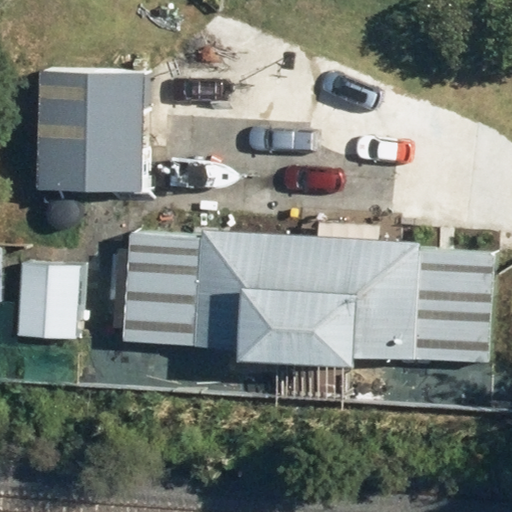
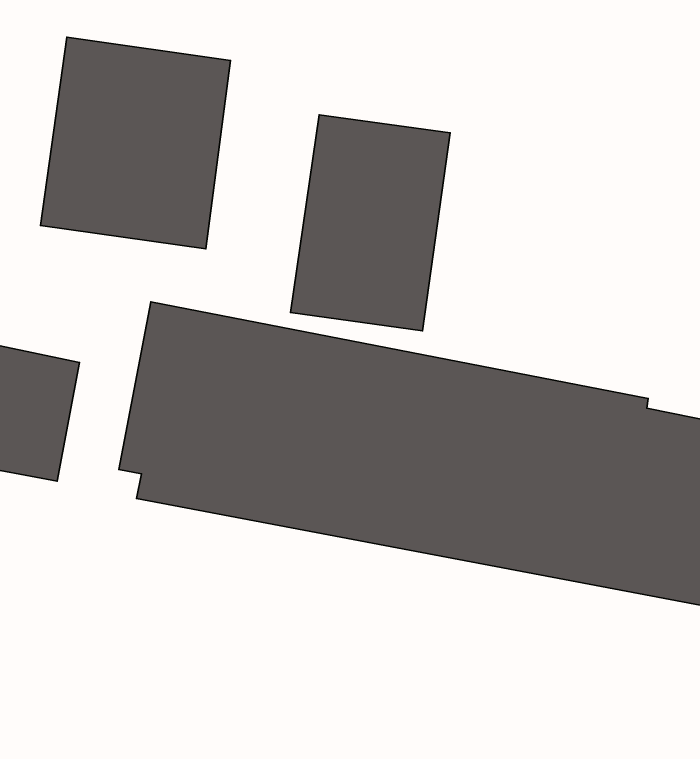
building: none -> [290,115,450,331]

